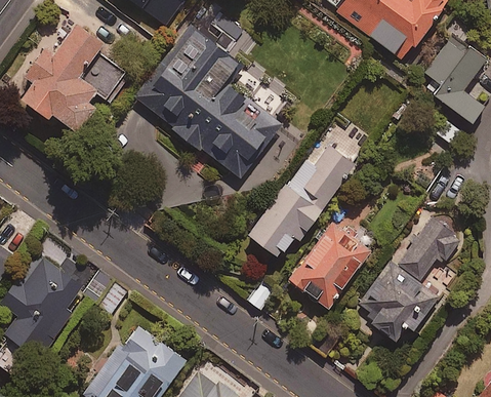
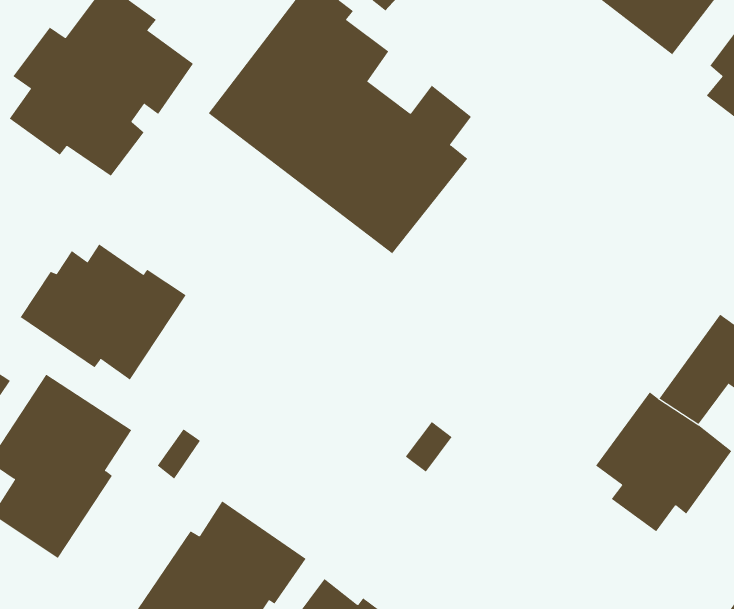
building: [246,137,355,261] -> none
building: none -> [20,244,186,380]
building: [288,223,370,311] -> none

